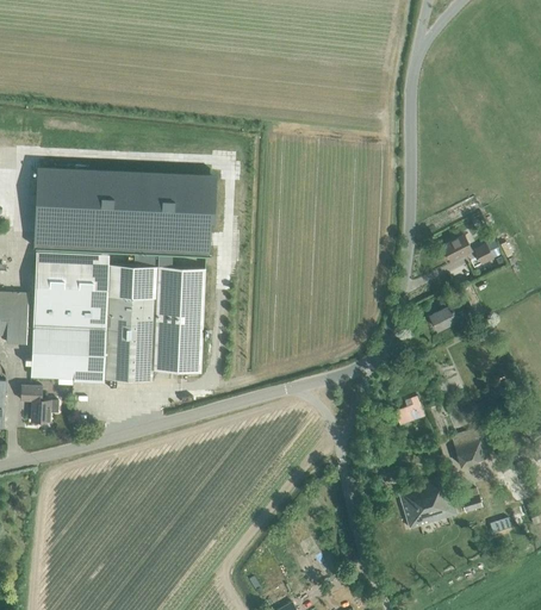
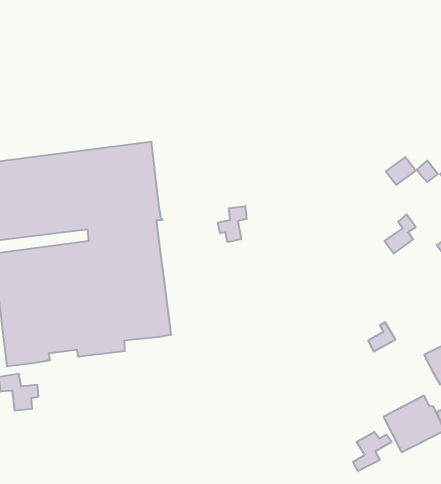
building: none -> [218,206,247,242]
building: none -> [353,432,392,471]

